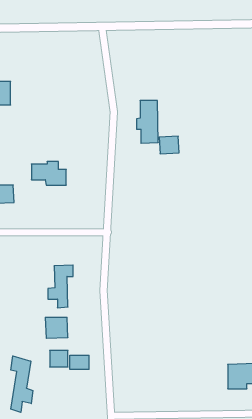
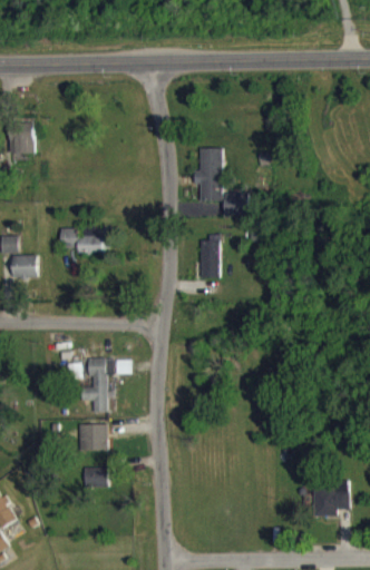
building: none -> [201,239,220,277]
building: [70,355,89,369] -> none
building: [11,356,33,412] -> none

